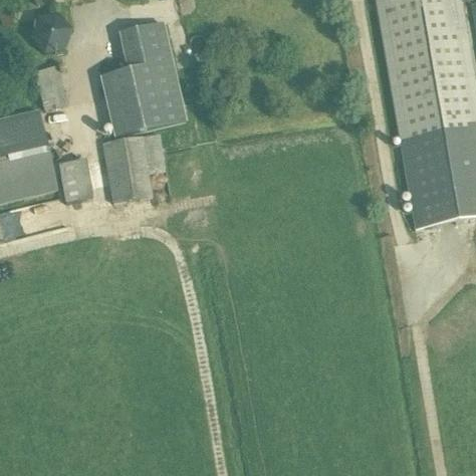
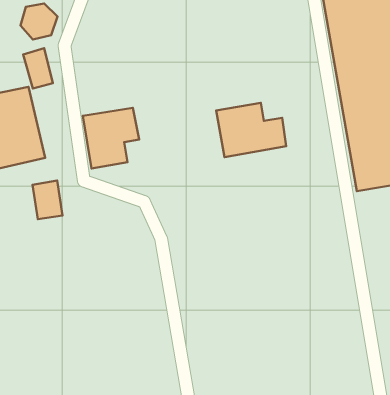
building: [99,19,187,137] -> none
building: none -> [216,103,286,157]
building: [58,157,92,201] -> [33,181,62,219]

